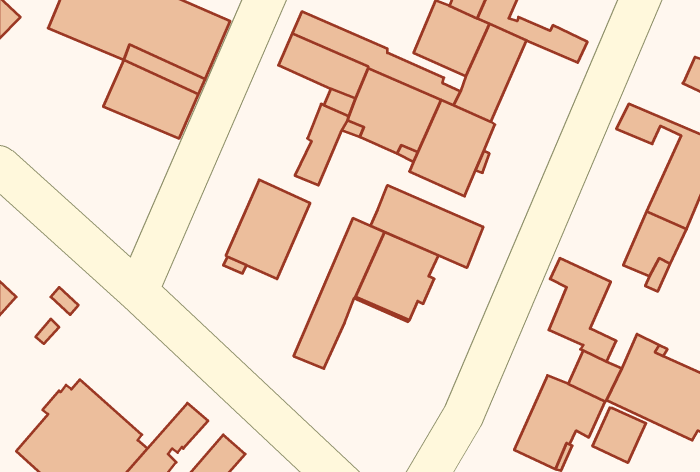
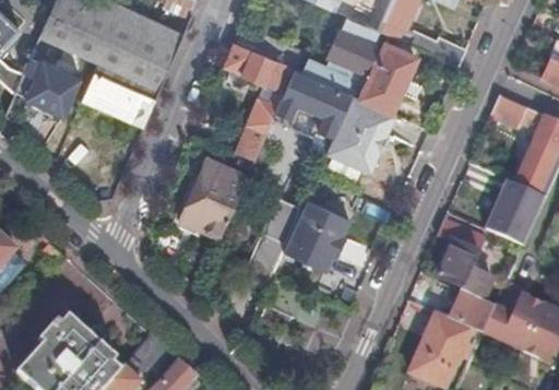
building: none -> [16,56,81,117]
building: [371,185,483,268] -> none
building: [593,408,646,463] -> none

